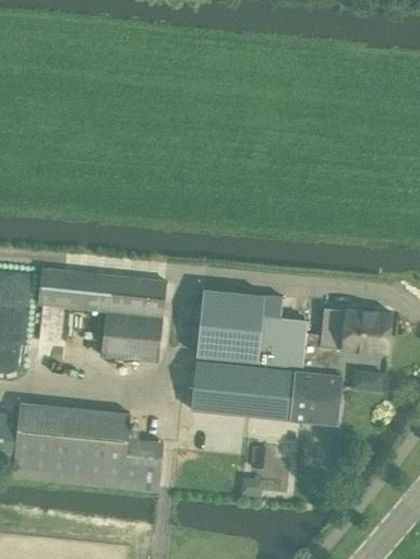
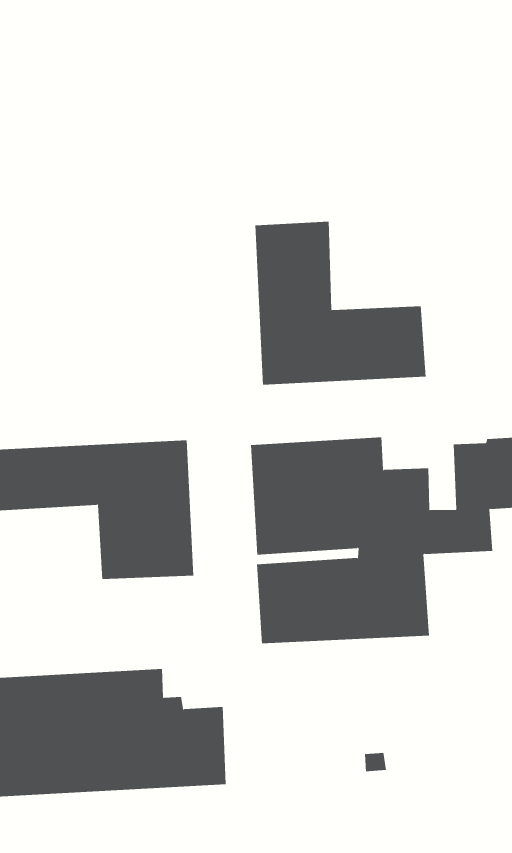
building: none -> [255,221,426,385]
building: [292,371,341,425] -> none

